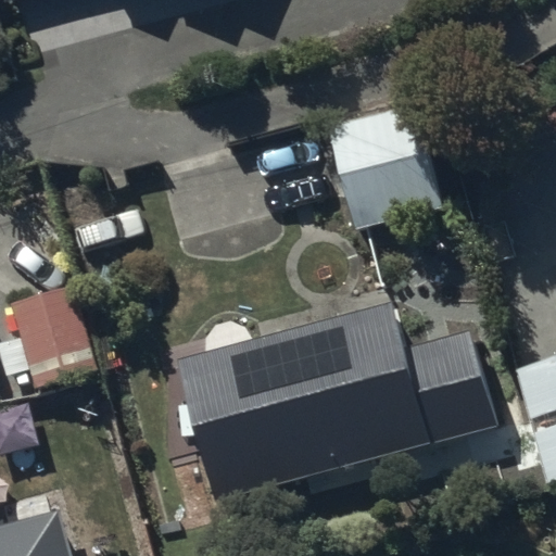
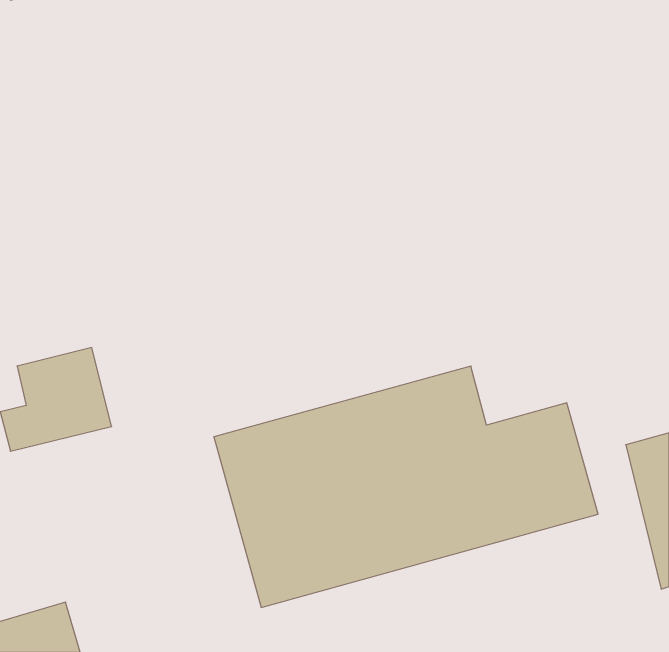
building: [332,106,446,227] -> none

